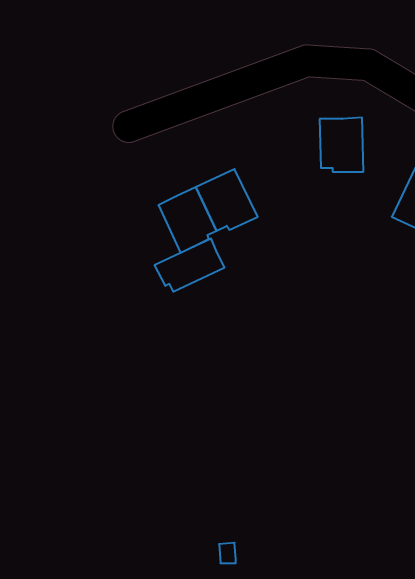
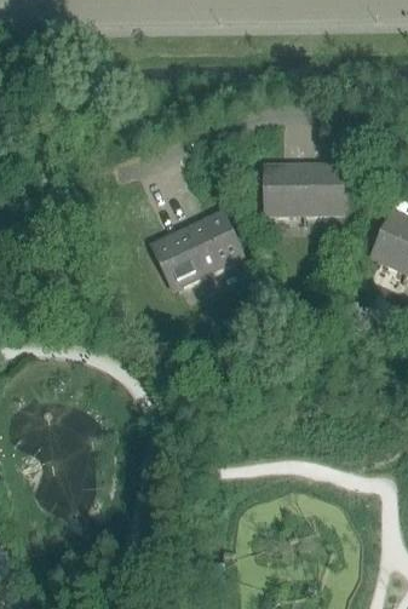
building: none -> [264,165,304,214]
building: [155,238,224,292] -> none

